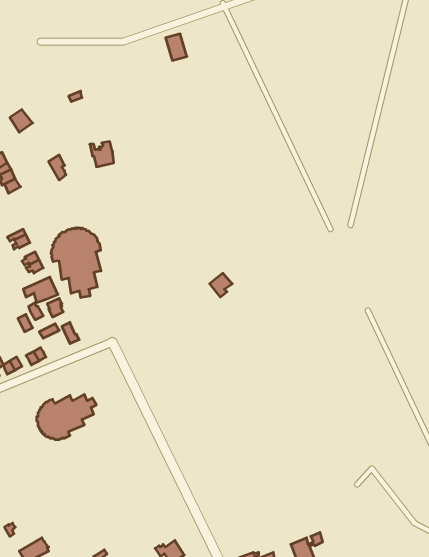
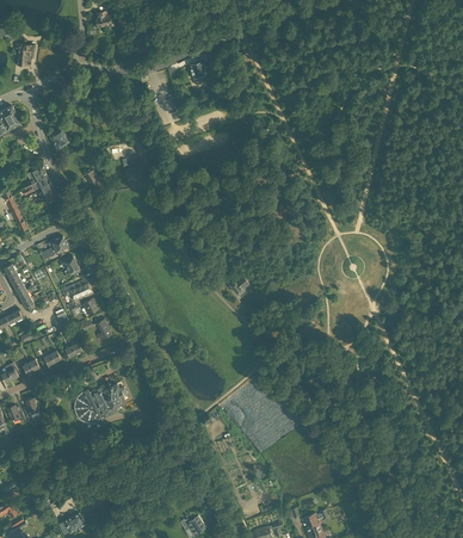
building: [51,228,101,298] -> none

